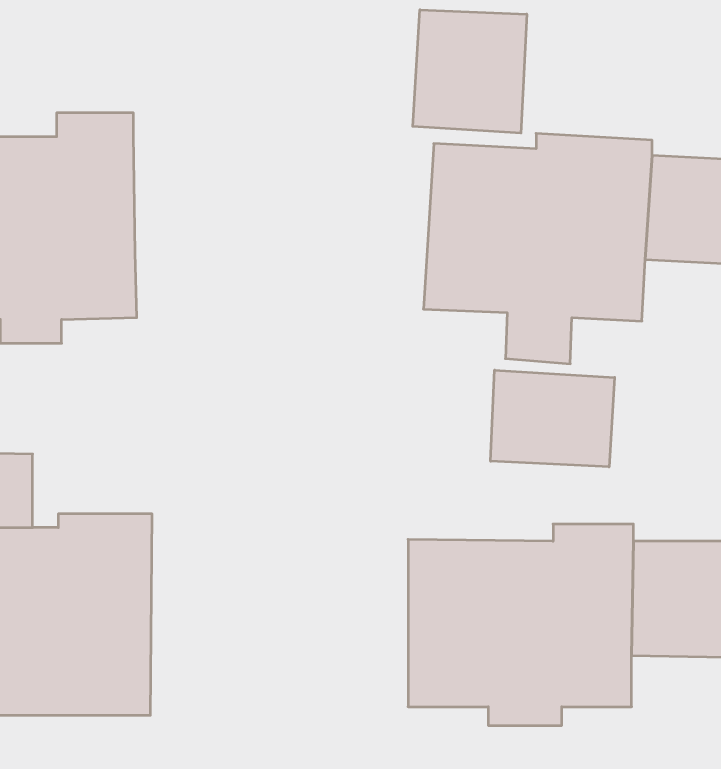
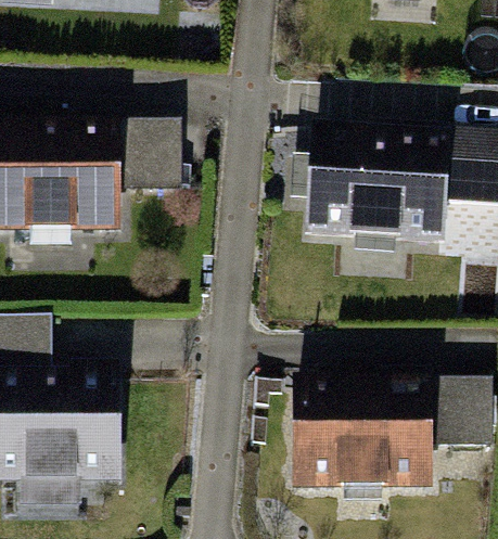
building: [413,10,527,133] -> none
building: none -> [114,126,181,202]
building: [491,370,615,467] -> none

